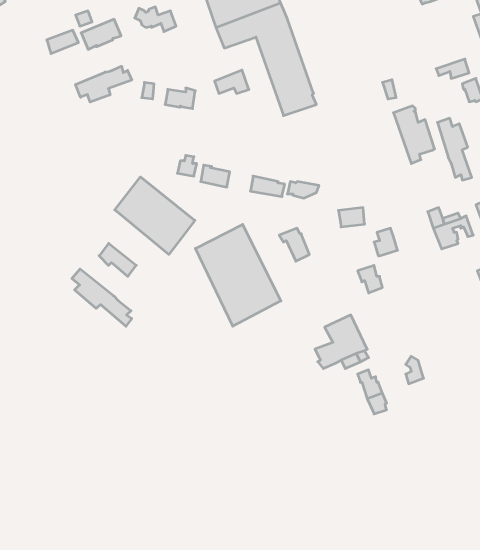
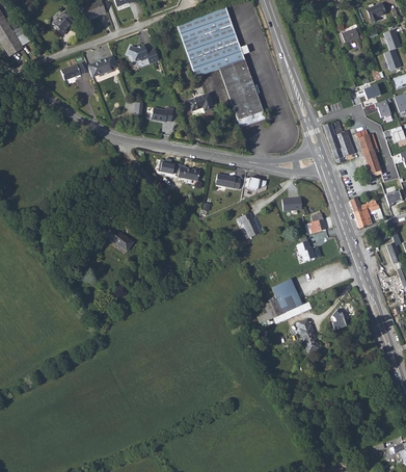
building: [76,66,132,102] -> none
building: [115,177,195,254] -> none
building: [195,224,281,326] -> none
building: [72,269,132,326] -> none

